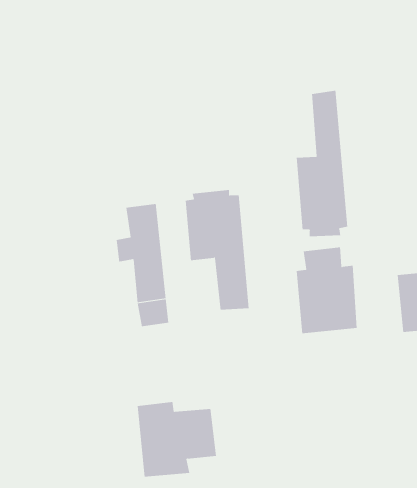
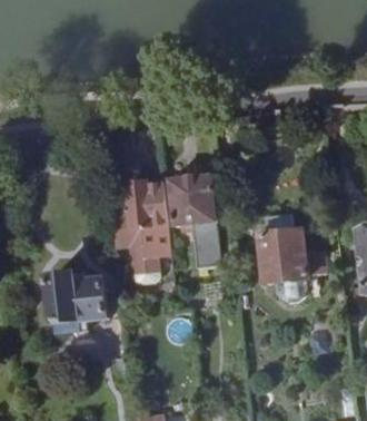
building: [296,90,348,237] -> none
building: [137,402,217,477] -> [46,273,109,333]

